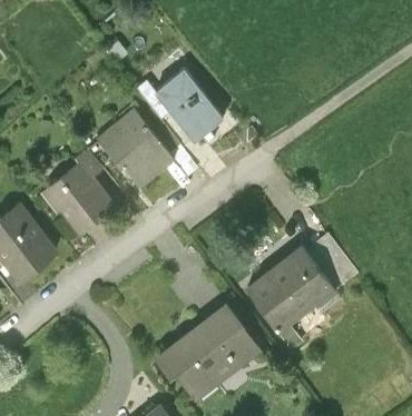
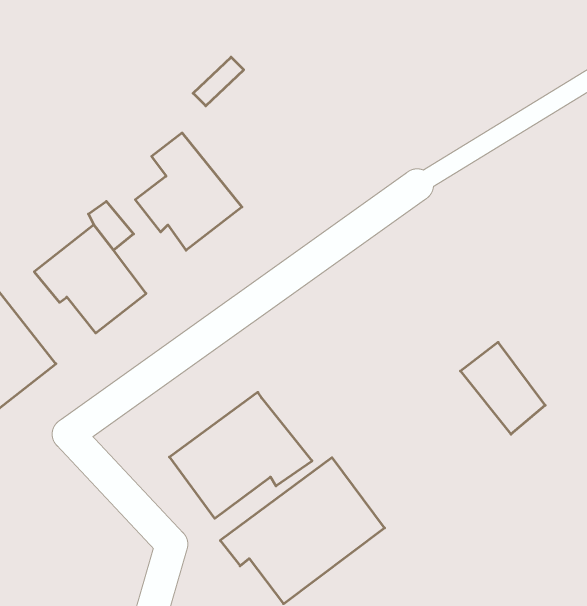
building: [155,70,223,143] -> none
building: [248,251,336,329] -> [169,392,312,518]

